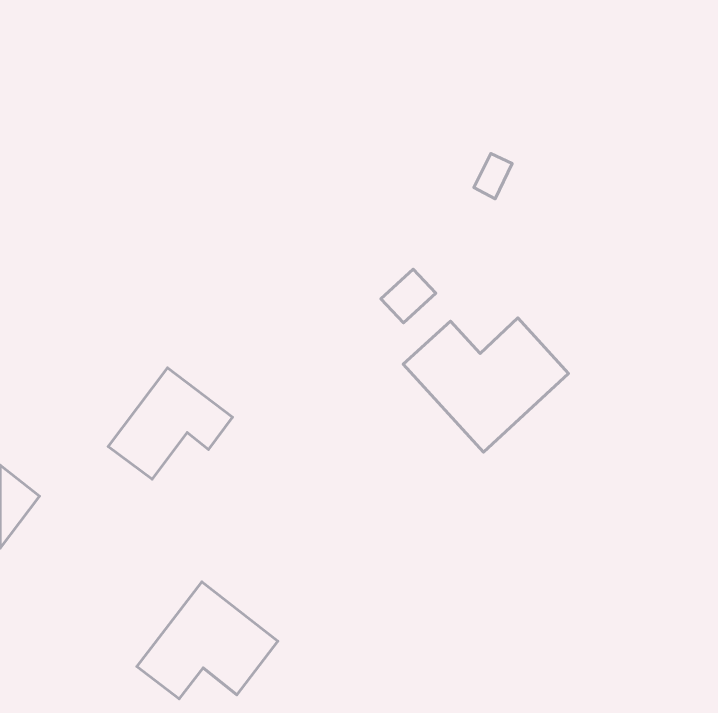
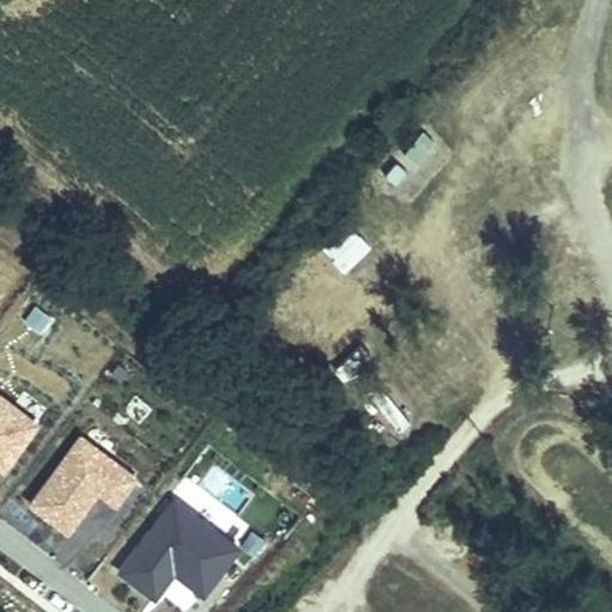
building: [403,318,568,452] -> none
building: [108,368,232,479] -> [30,437,135,532]

